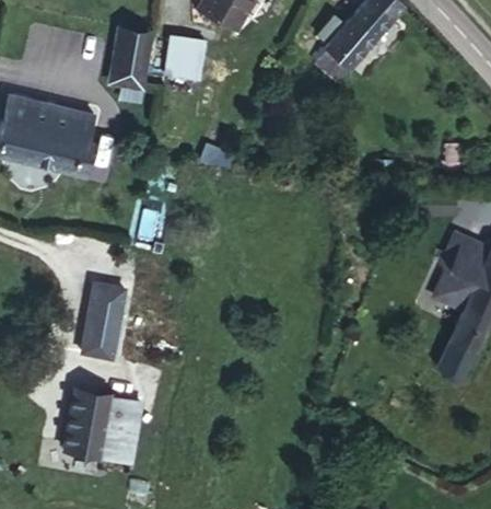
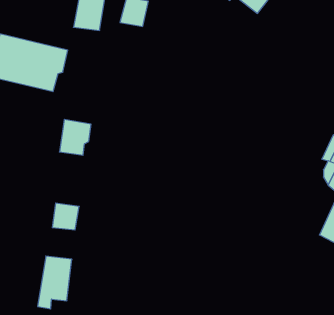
building: [84,279,127,327] -> [59,119,91,155]
building: [100,398,135,458] -> none

